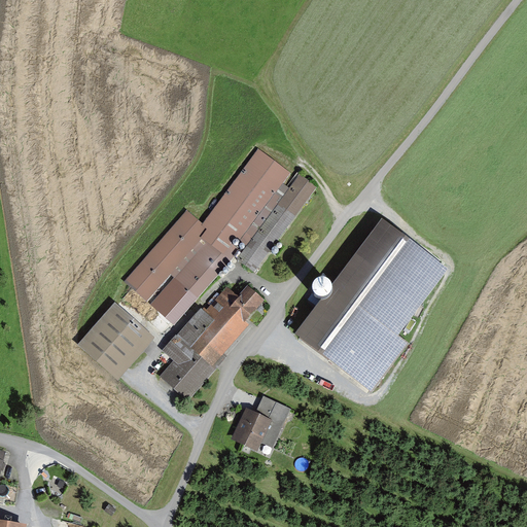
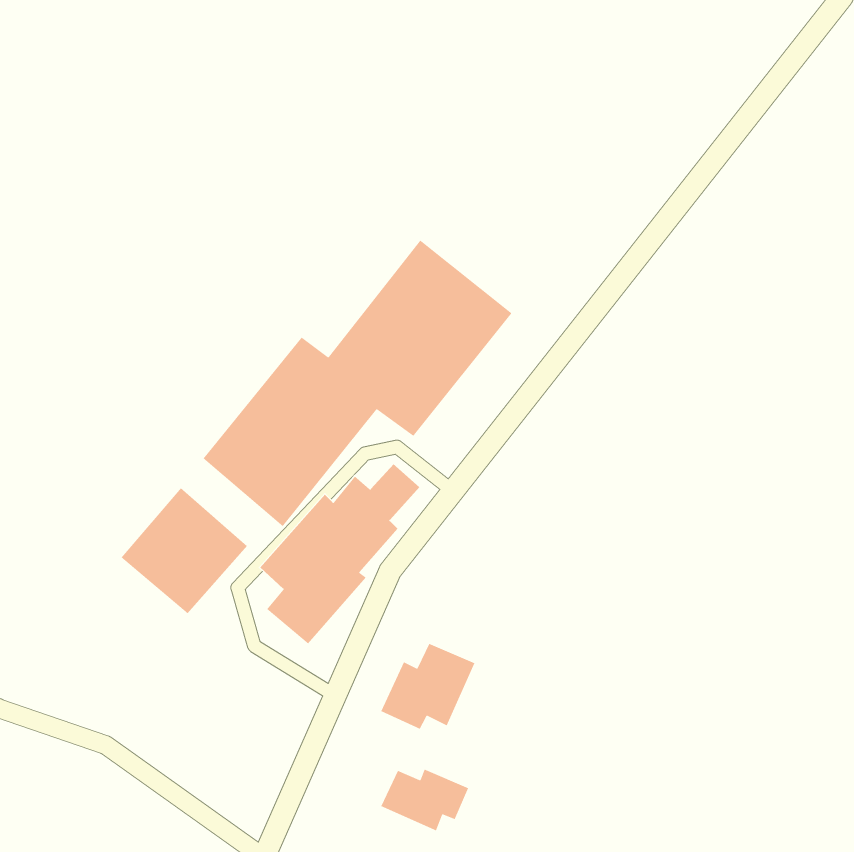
building: [294,218,448,390] -> none
building: none -> [380,769,469,832]

